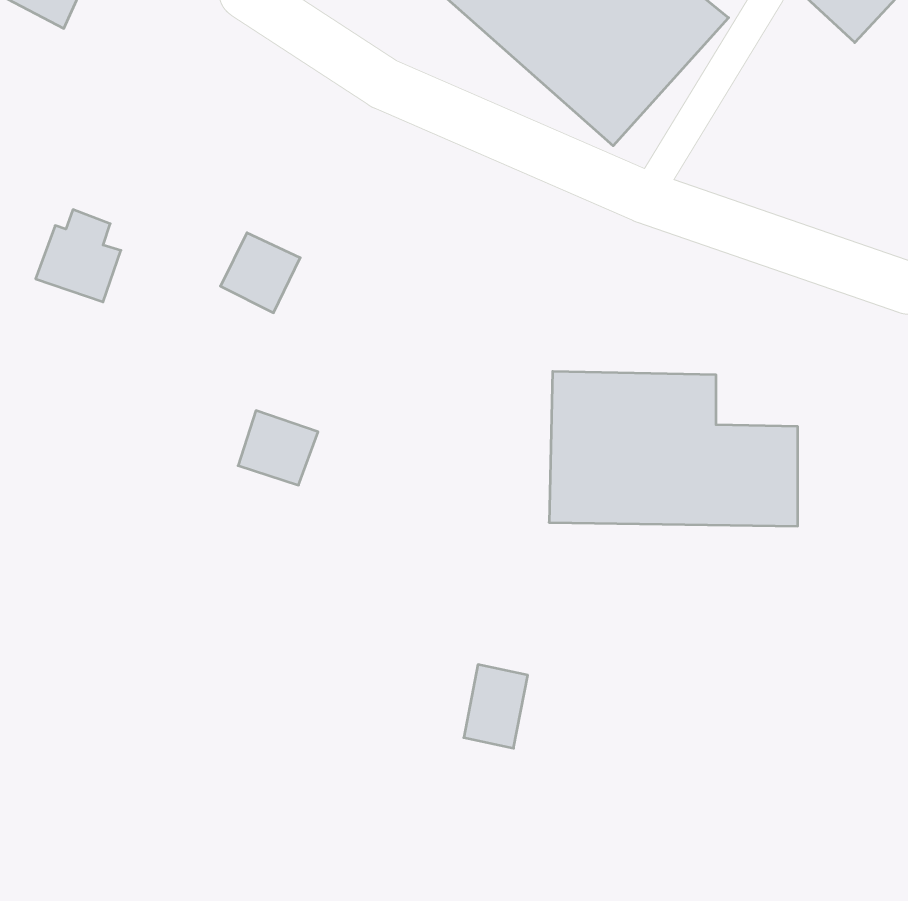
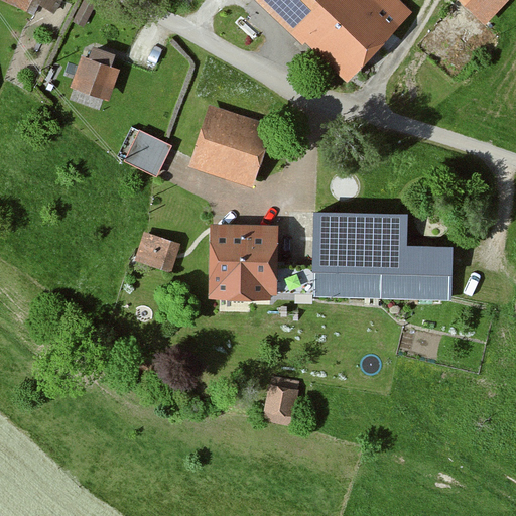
building: none -> [188,104,275,188]
building: [36,210,121,302] -> [71,48,119,101]
building: none -> [209,225,276,300]

